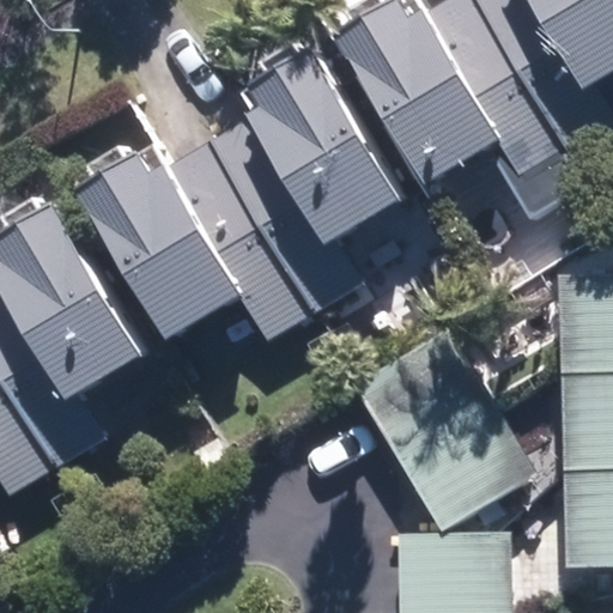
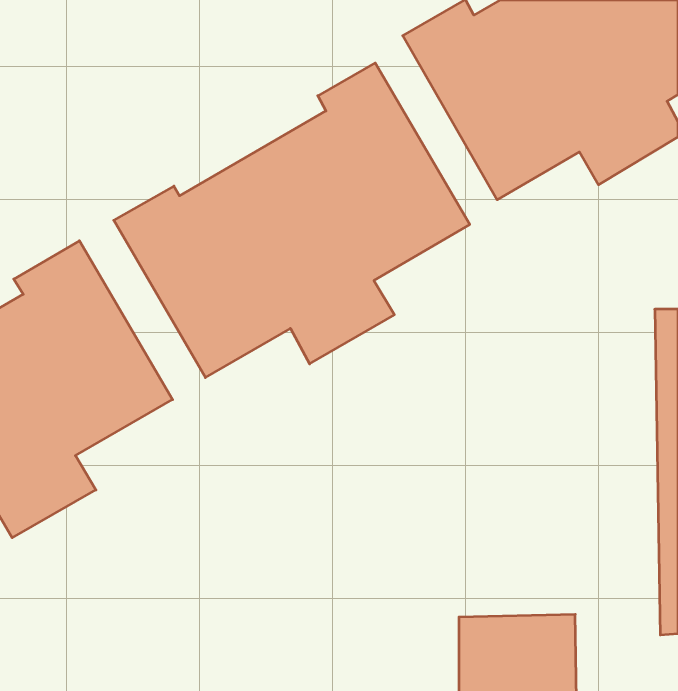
building: [356,336,523,526] -> none

